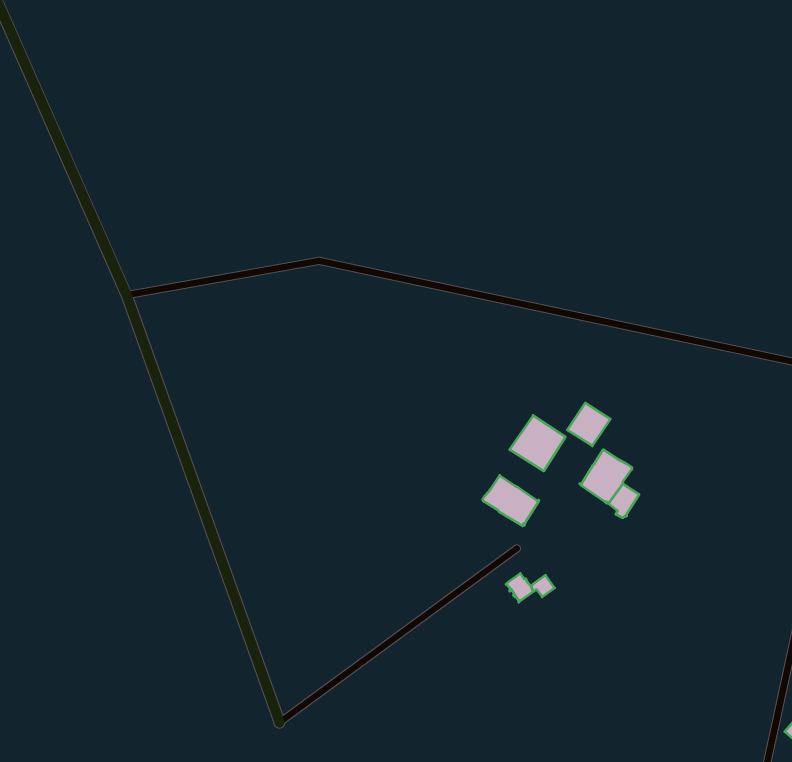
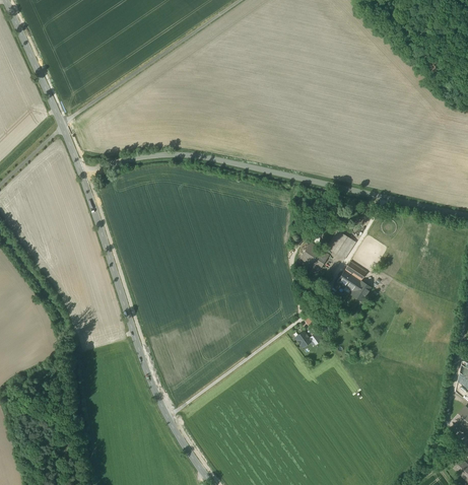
building: [483,475,539,526] -> none

